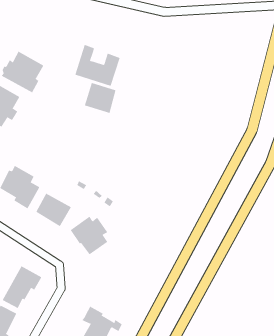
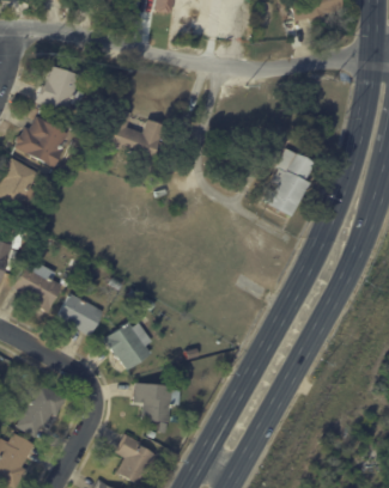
building: none -> [35,65,84,116]
building: none -> [263,146,316,215]
building: [84,82,116,114] -> none
building: none -> [134,382,181,431]

